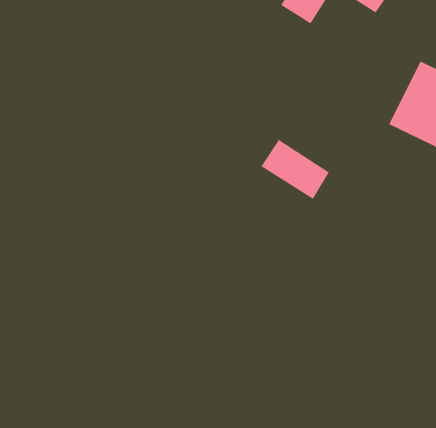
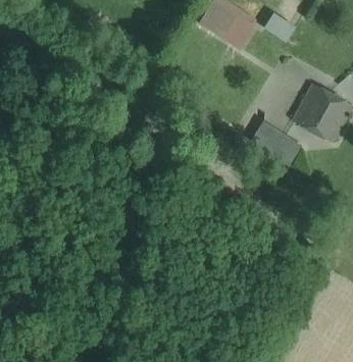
building: [261,139,330,200] -> [250,121,301,166]

